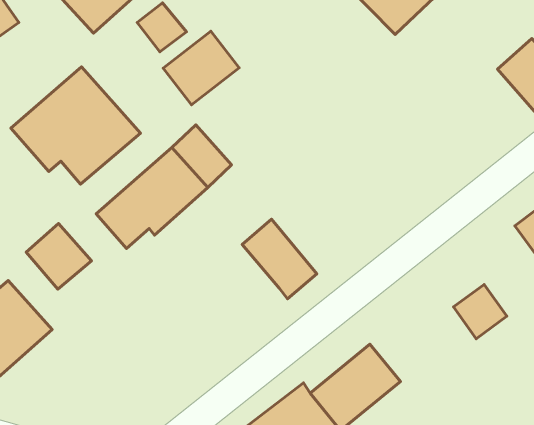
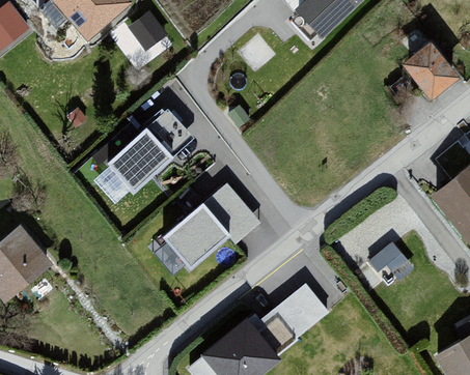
building: [163,31,239,105] -> none
building: [11,67,141,184] -> none
building: [26,224,92,289] -> none
building: none -> [151,203,234,278]

